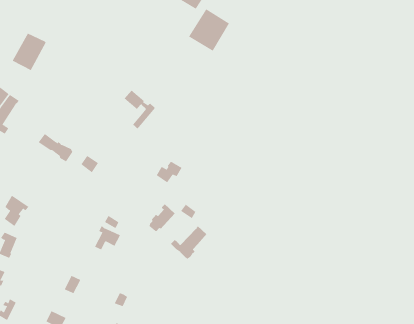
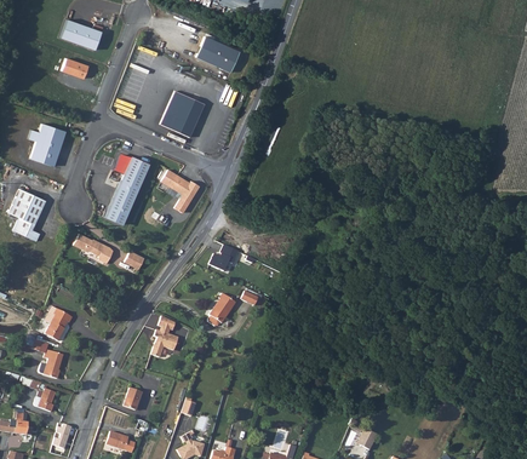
building: [188,9,230,52] -> [159,88,204,136]
building: none -> [104,153,149,224]
building: [170,225,207,259] -> none

